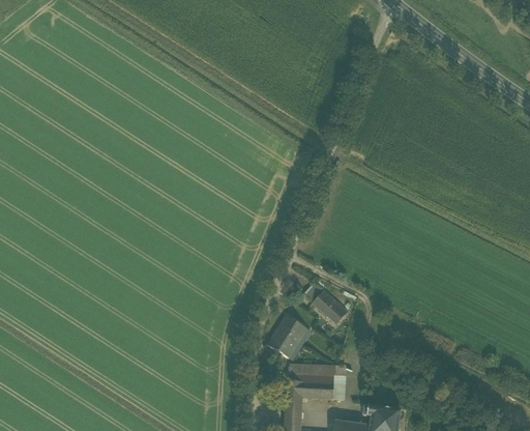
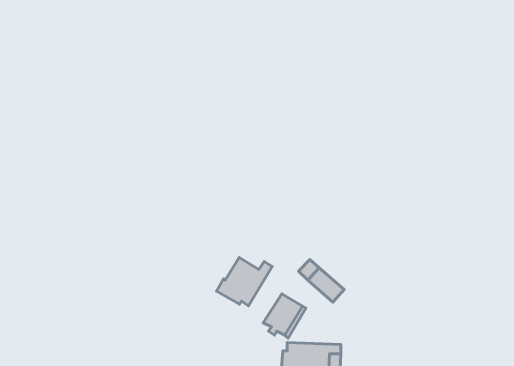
building: none -> [217,258,272,306]

